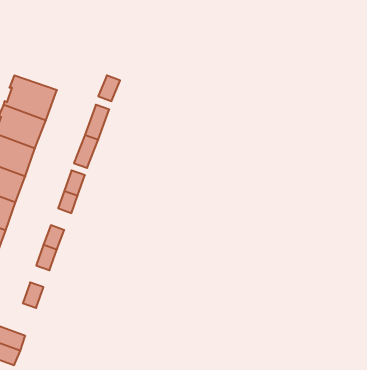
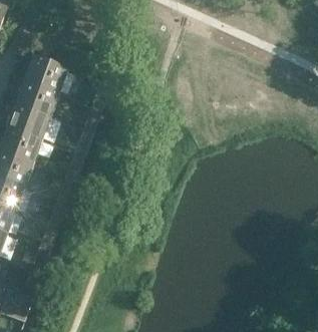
building: none -> [24,56,68,93]

